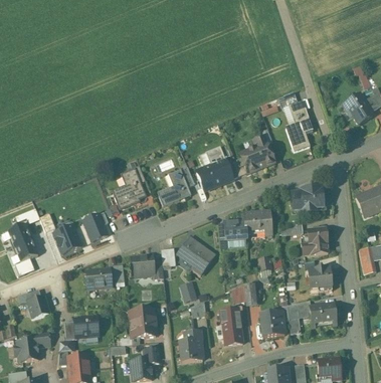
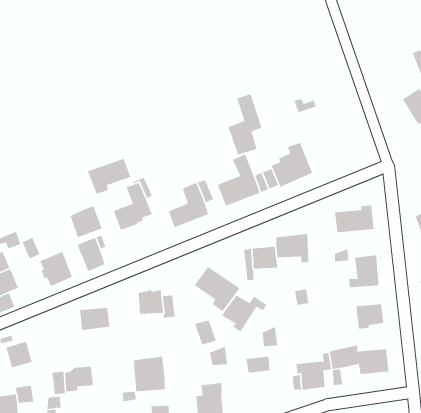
building: [285,101,314,151] -> [227,93,262,156]
building: none -> [87,158,132,195]
building: none -> [70,205,103,238]
building: none -> [221,294,268,333]
building: [222,321,243,345] -> none

